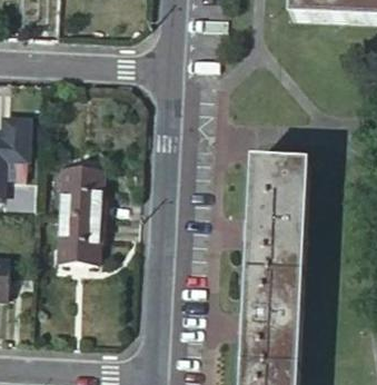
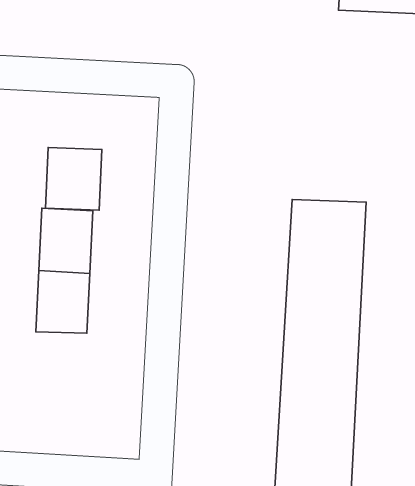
building: none -> [45,148,102,210]

